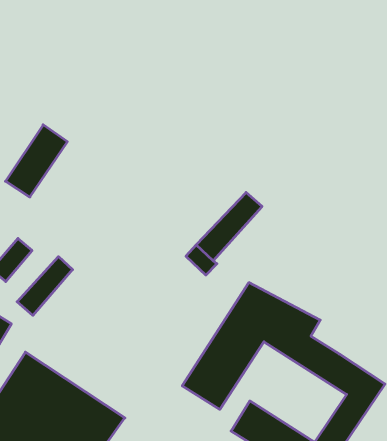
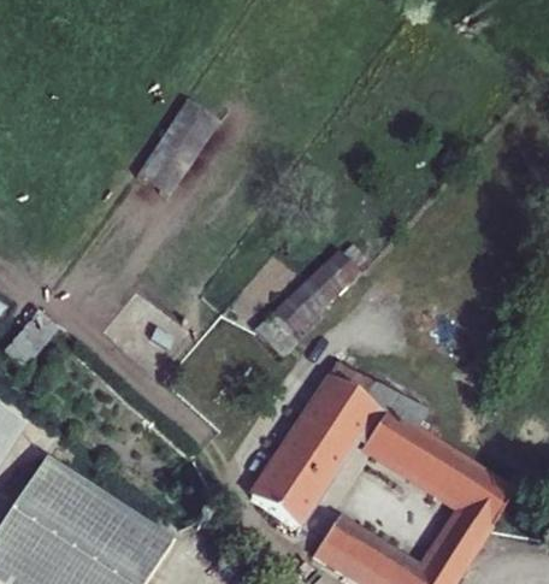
building: [5,125,67,197] -> [140,101,219,194]
building: [17,257,73,315] -> none

